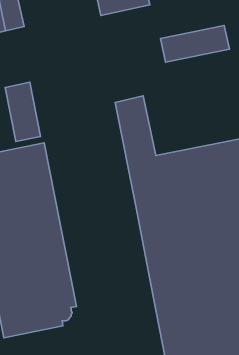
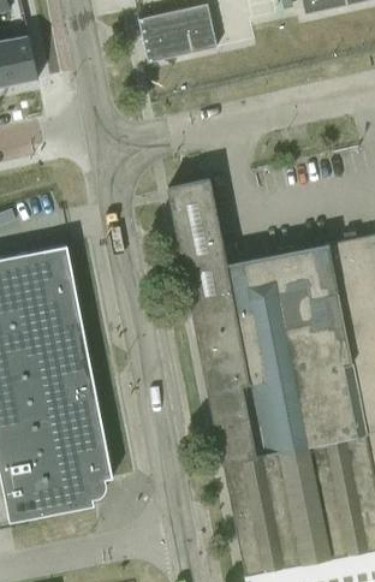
building: [160,26,229,62] -> none
building: [5,82,41,142] -> none

